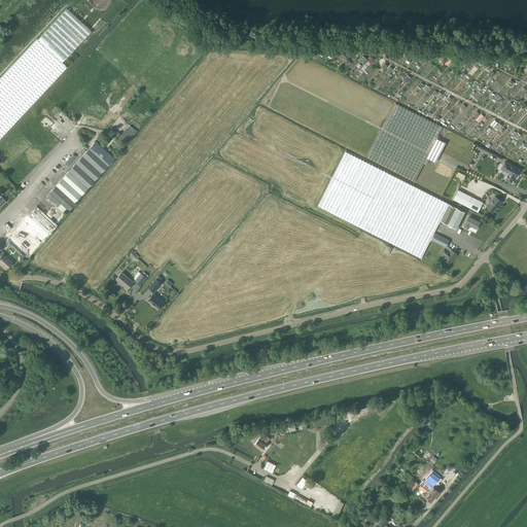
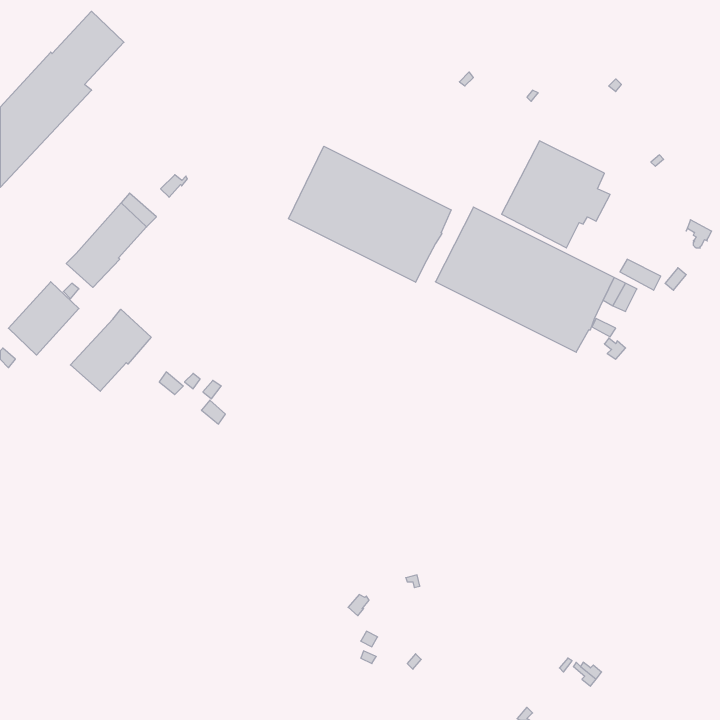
building: none -> [288,146,451,282]
building: none -> [70,309,151,391]

